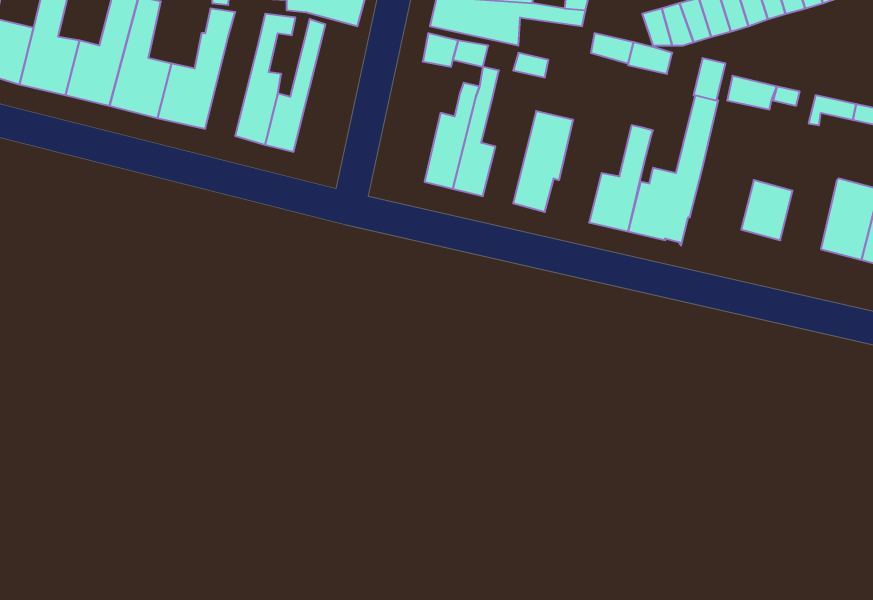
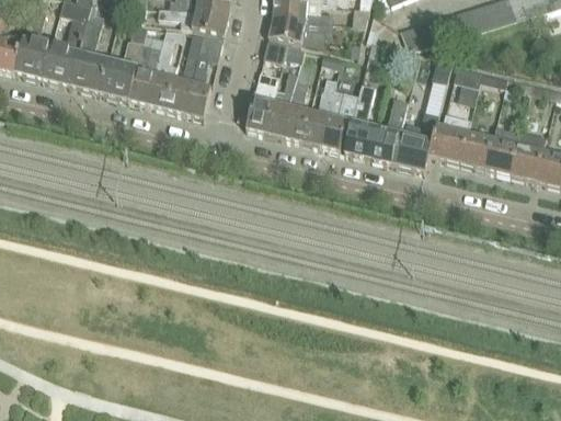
building: none -> [184,34,224,117]
building: none -> [129,42,162,103]
building: none -> [247,70,278,132]
building: none -> [301,77,336,145]
building: none -> [344,83,375,157]
building: none -> [430,112,471,161]
building: none -> [485,124,520,173]

